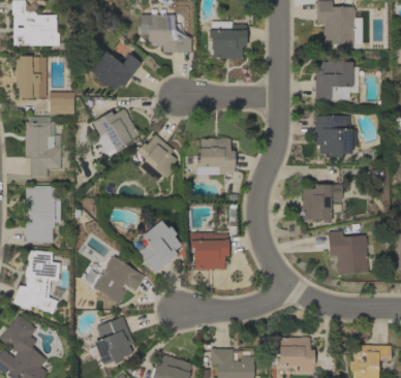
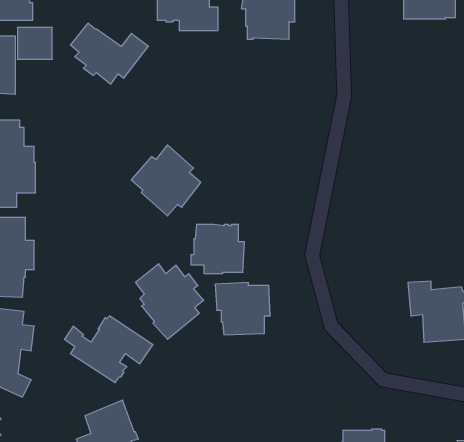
building: [316,58,358,100] -> none
building: [50,92,74,115] -> [17,27,52,59]
building: [94,108,140,156] -> none
building: [315,116,356,157] -> none
building: [197,138,236,174] -> [191,224,244,274]
building: [303,185,343,223] -> none

